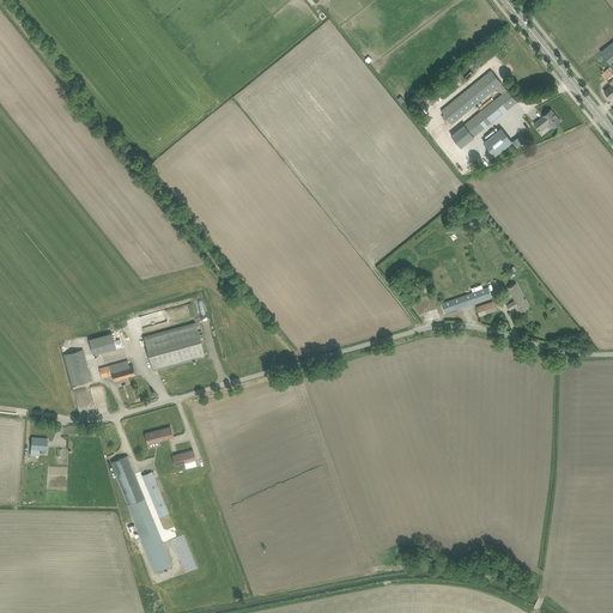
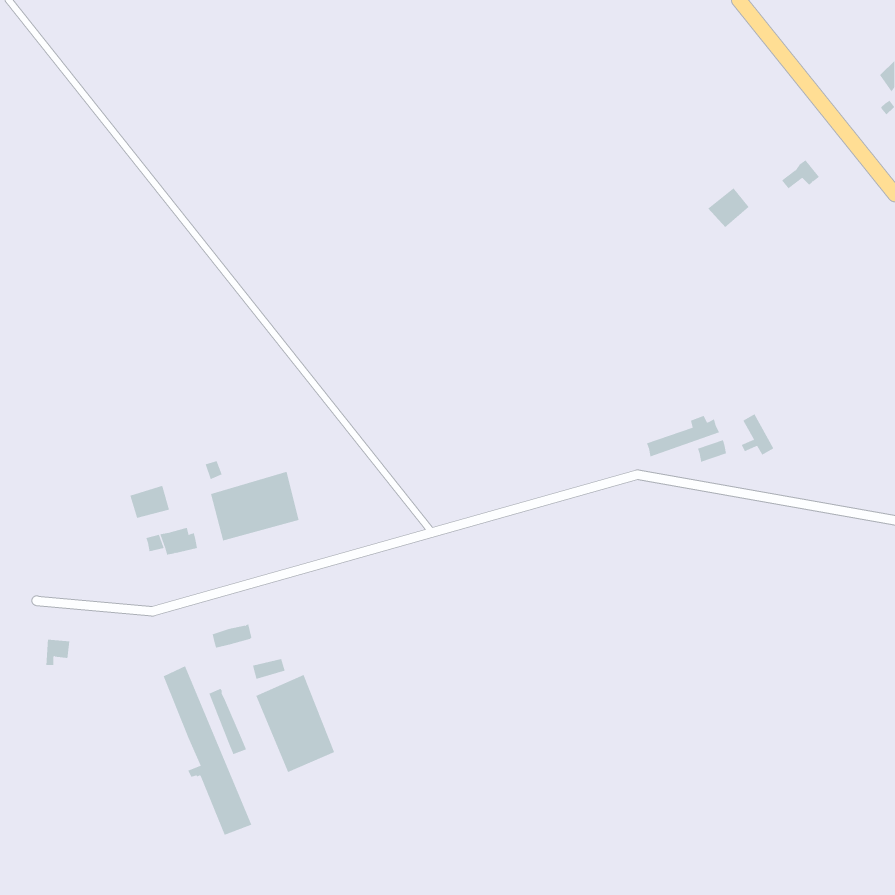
building: [441,69,517,146] -> none
building: [63,348,91,386] -> none
building: none -> [256,674,335,773]

